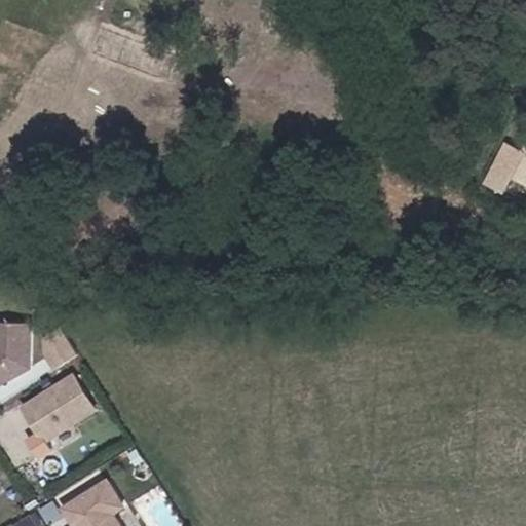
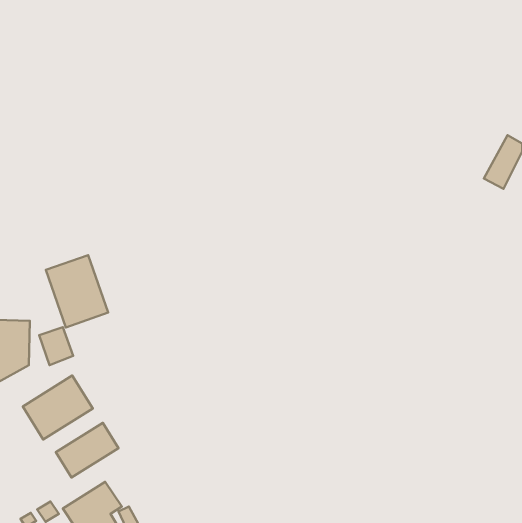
building: none -> [46,255,108,327]
building: none -> [56,423,118,477]

